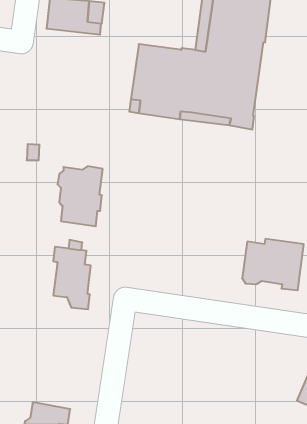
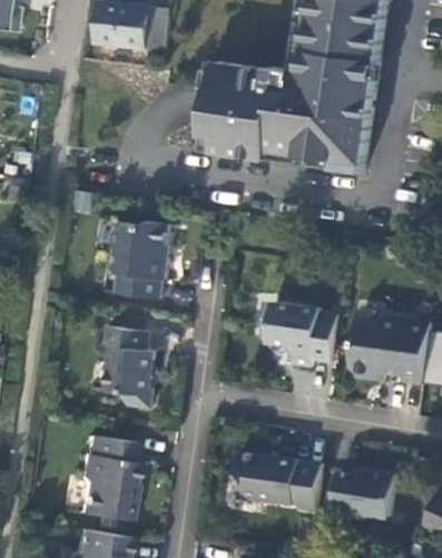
building: none -> [258,302,335,368]
building: none -> [77,434,132,520]
building: none -> [236,451,322,505]
building: none -> [331,469,395,518]

